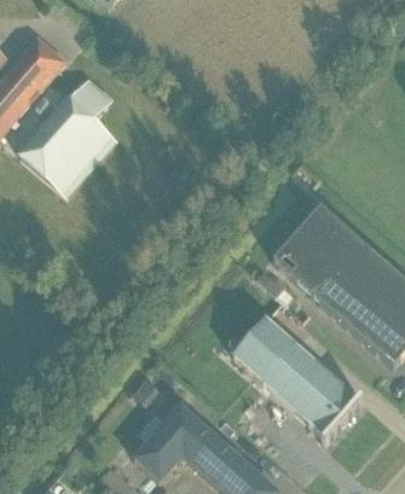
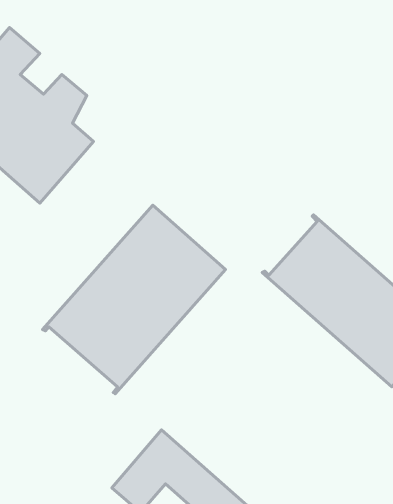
building: none -> [42,205,226,394]
building: [231,316,361,440] -> none

